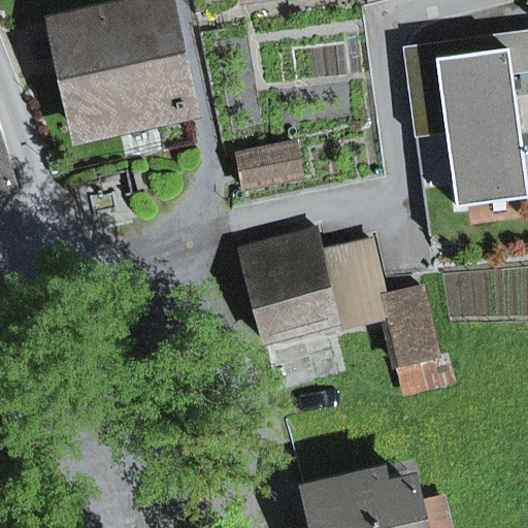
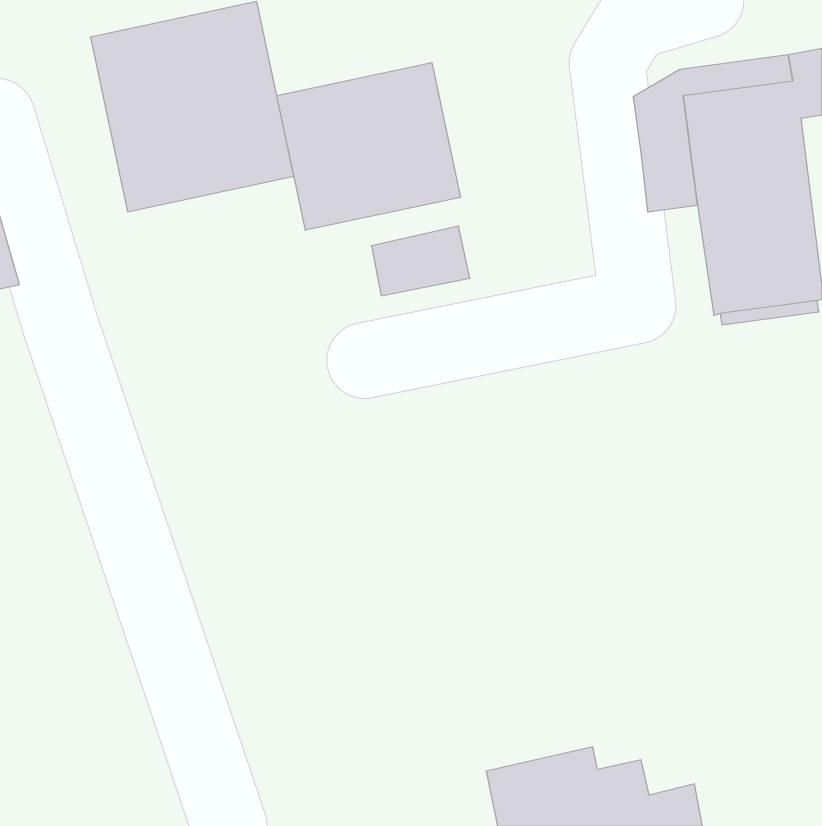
building: none -> [277,63,460,230]
building: [241,231,437,365] -> none

